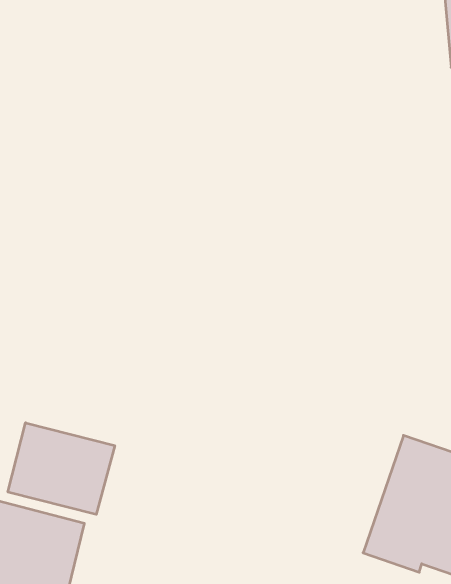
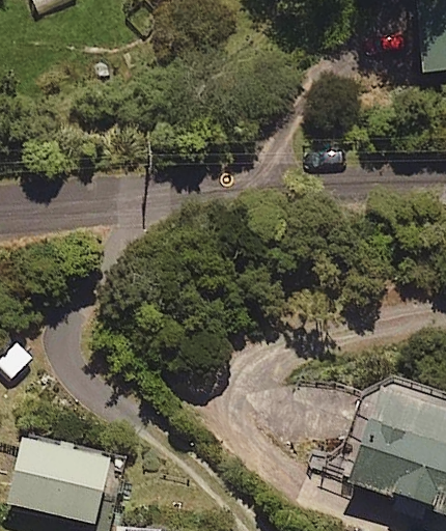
building: [8,423,115,514] -> none

